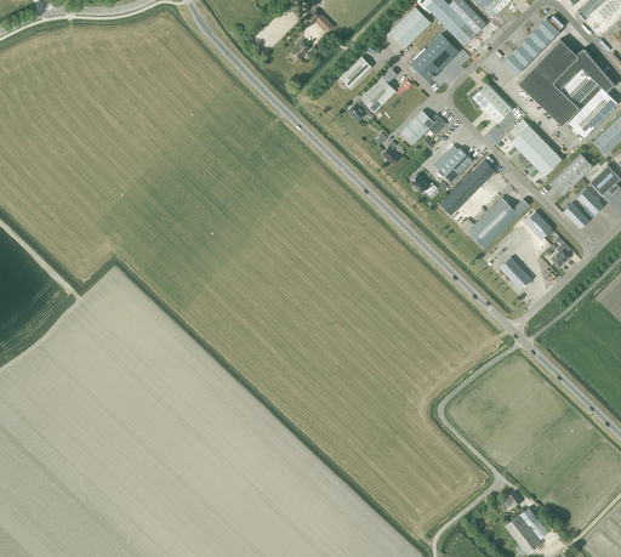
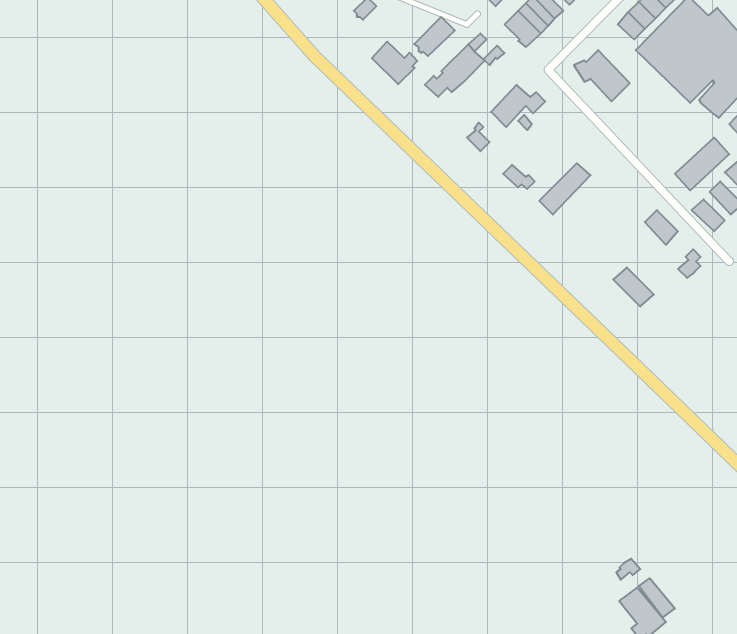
building: none -> [372,42,417,84]
building: [508,119,562,176] -> none
building: [439,147,473,182] -> none
building: [460,197,519,249] -> none

